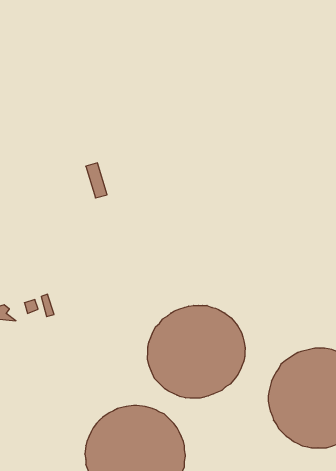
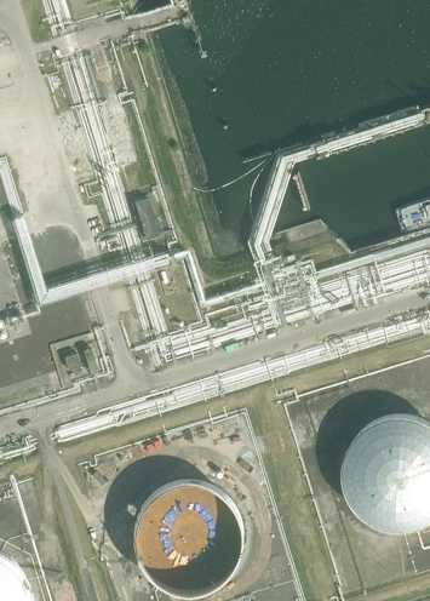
building: [147,305,245,398] -> none

